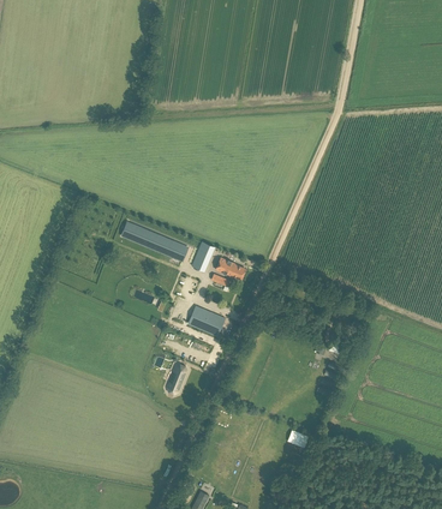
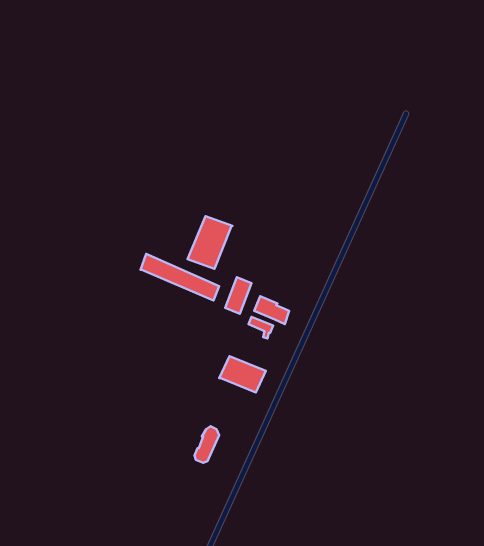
building: none -> [187,216,232,269]

